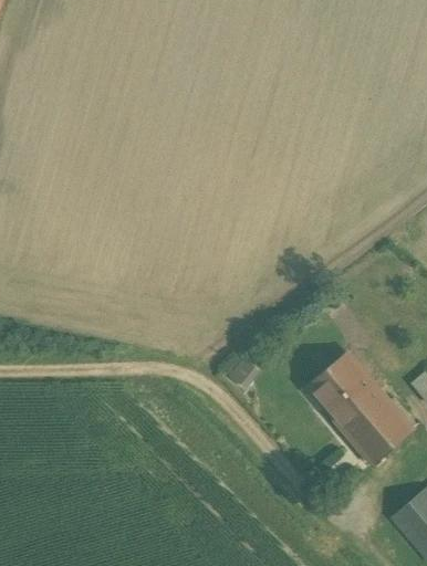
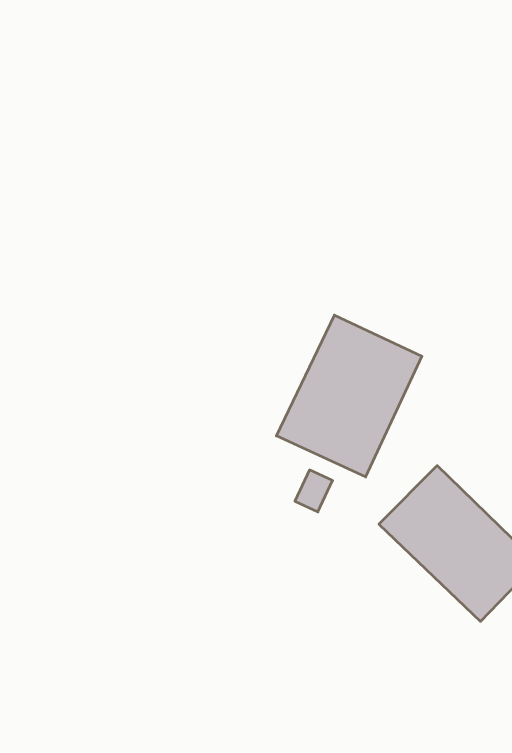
building: none -> [276,315,422,477]

